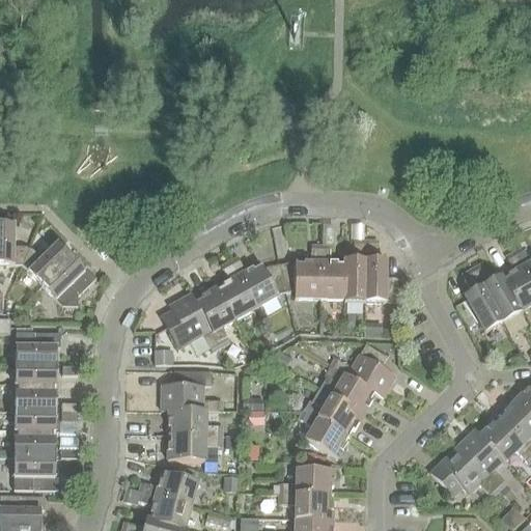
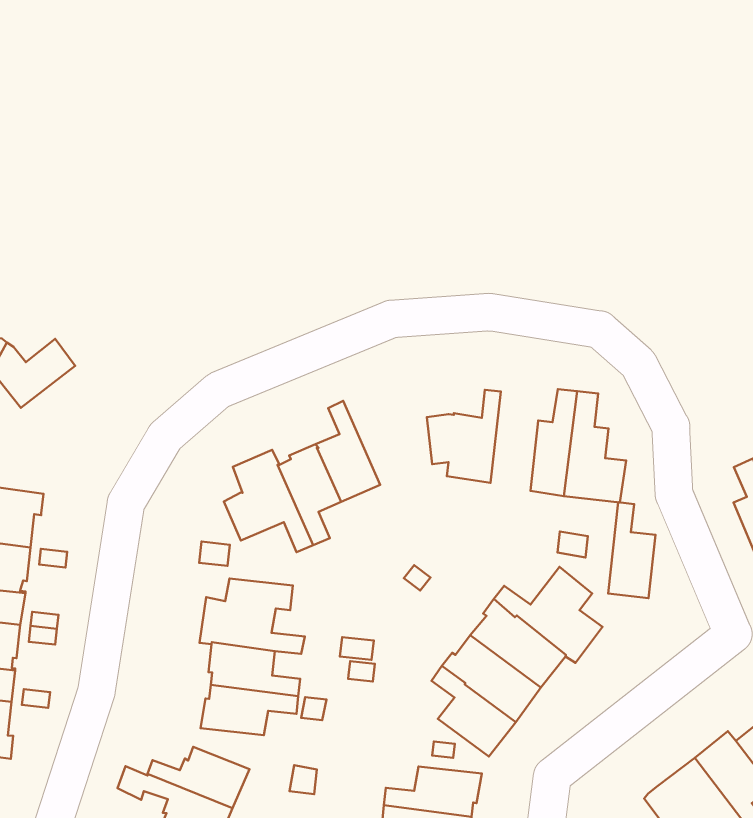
building: [320,245,344,299] -> [608,502,656,598]
building: [229,256,285,307] -> none
building: [41,257,96,307] -> none

